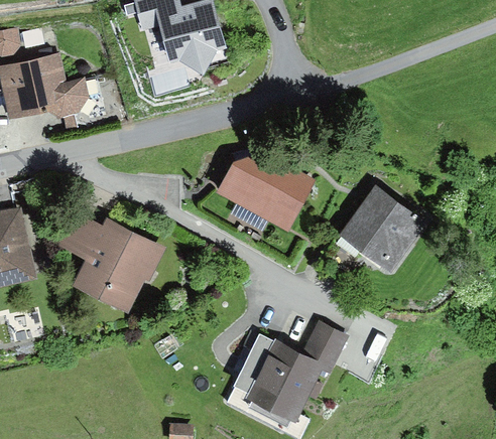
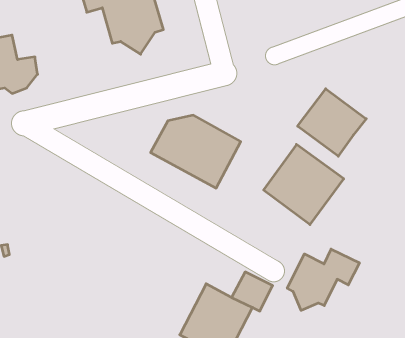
building: none -> [298,89,366,156]
building: [54,209,165,311] -> none
building: none -> [287,249,359,310]

